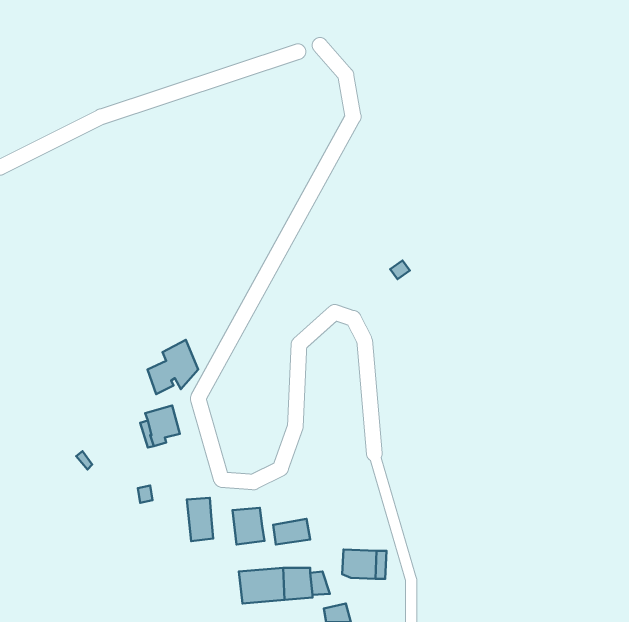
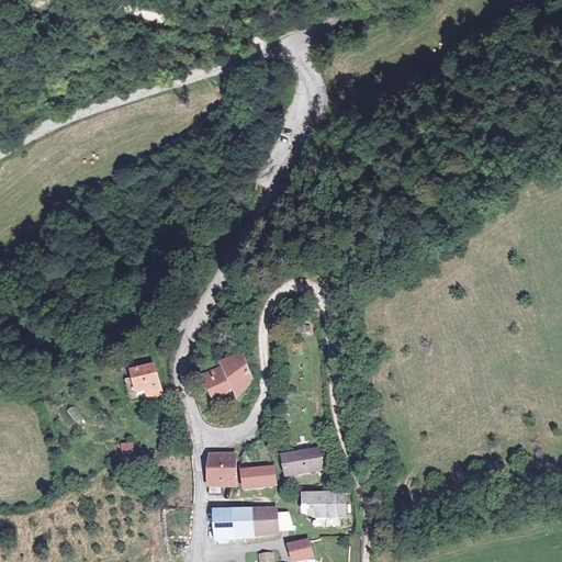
building: [148,340,198,394] -> [200,350,245,398]
building: none -> [284,445,322,473]
building: [187,498,213,541] -> none

